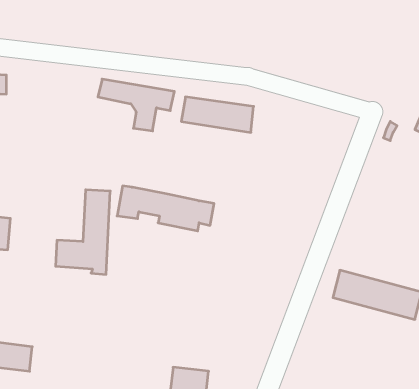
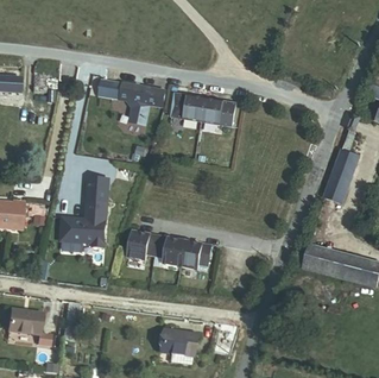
building: none -> [322,150,358,204]
building: [117,186,214,231] -> [130,229,214,269]

